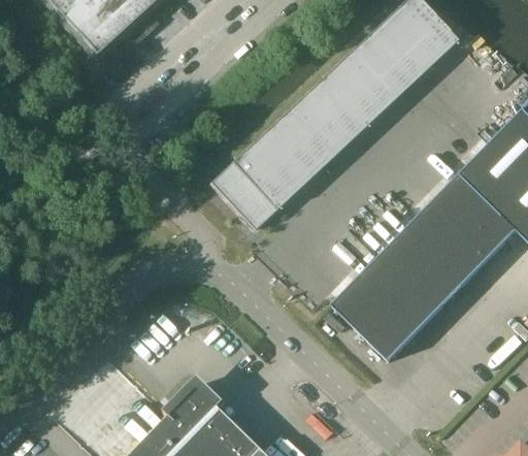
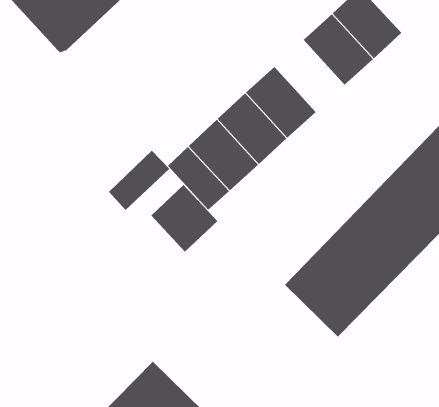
building: [323,47,397,124] -> none
building: none -> [108,150,170,211]
building: none -> [150,184,218,252]

